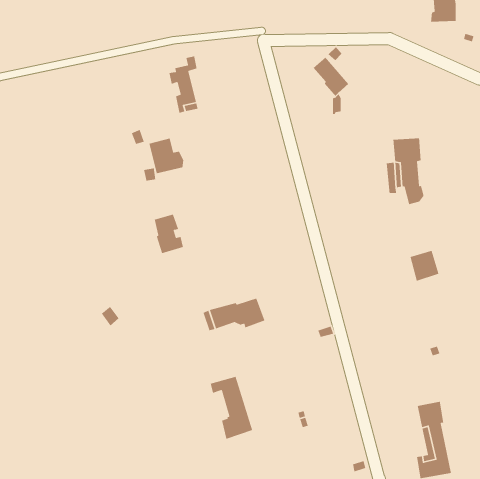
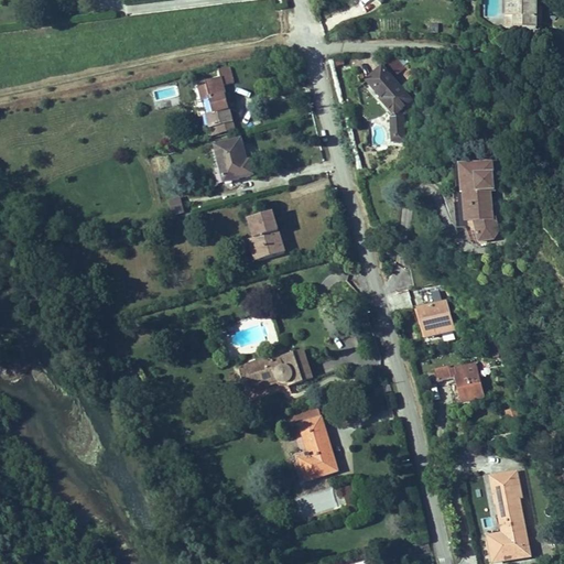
building: [148,138,184,174] -> [214,138,256,181]
building: [154,214,184,254] -> [248,212,283,259]
building: [409,250,440,282] -> [417,300,453,337]
building: none -> [449,361,481,400]
building: [210,376,253,440] -> [285,404,336,479]

